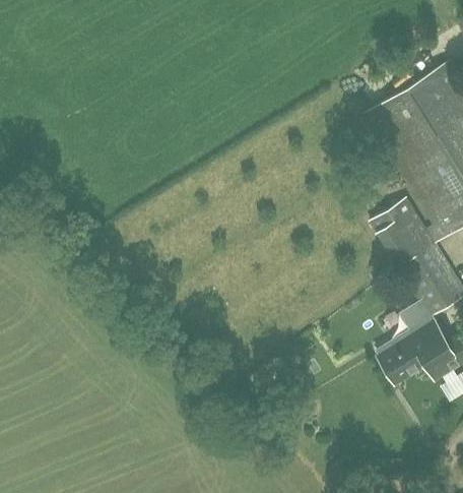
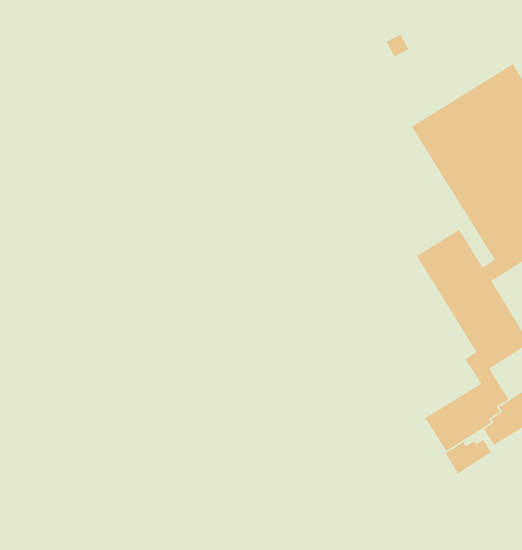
building: none -> [444,439,492,474]

